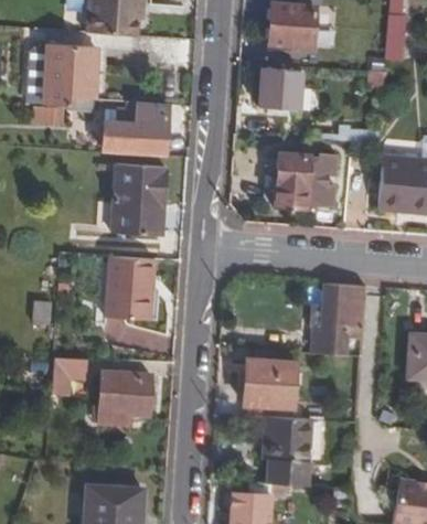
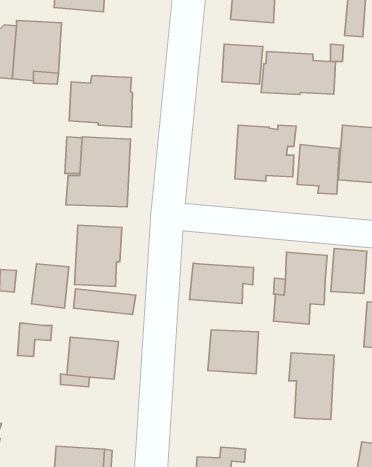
building: none -> [261,51,336,94]
building: none -> [297,145,340,194]
building: none -> [331,248,367,293]
building: none -> [189,263,254,304]
building: none -> [31,264,69,308]
building: [267,418,313,486] -> [289,353,334,420]

